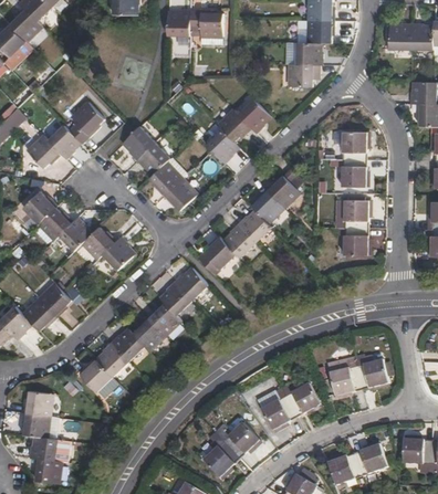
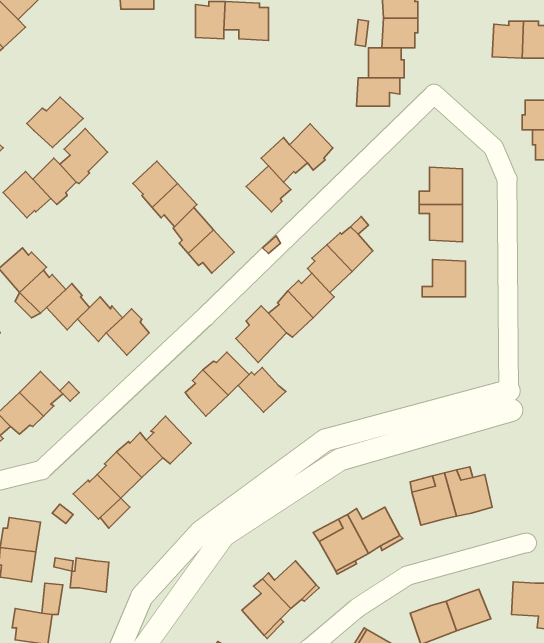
building: none -> [27,97,83,148]
building: [336,228,368,255] -> none
building: [146,303,181,336] -> [238,368,286,412]
building: [28,437,56,462] -> [70,558,109,592]

